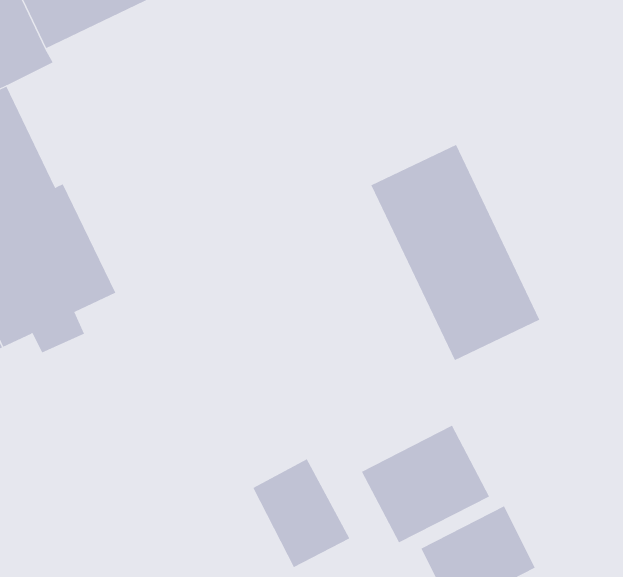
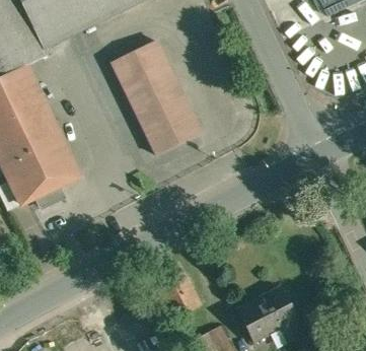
building: [371,144,540,361] -> [111,40,199,152]
building: [361,425,490,543] -> none

